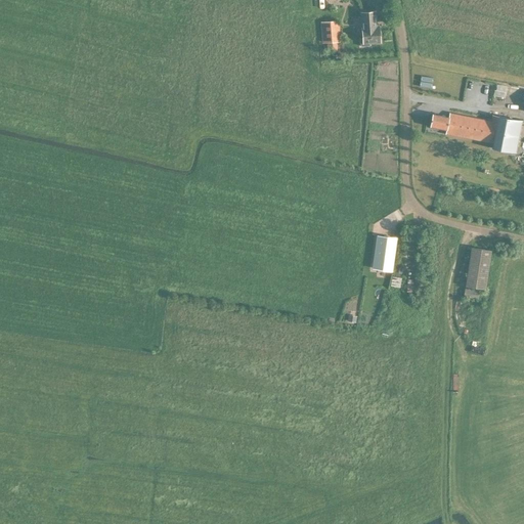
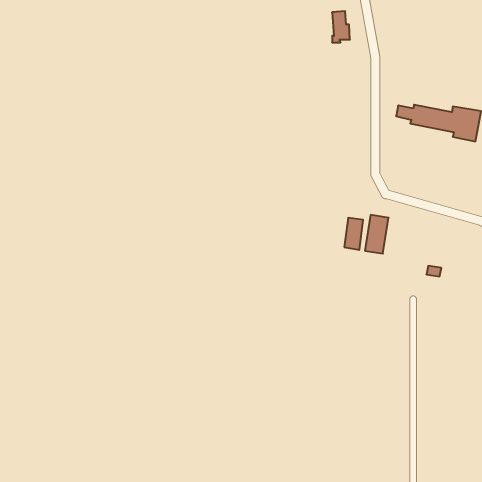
building: [321,23,340,51] -> none
building: [465,248,490,290] -> [365,215,389,254]

